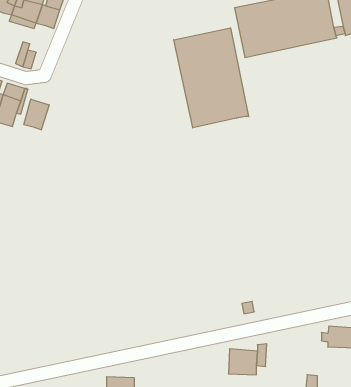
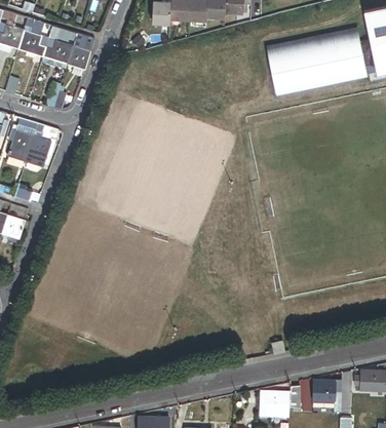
building: [174,28,249,128] -> none
building: [24,99,49,130] -> none
building: none -> [310,375,339,406]

